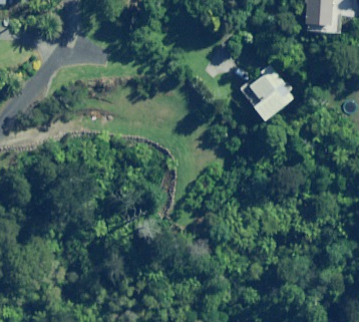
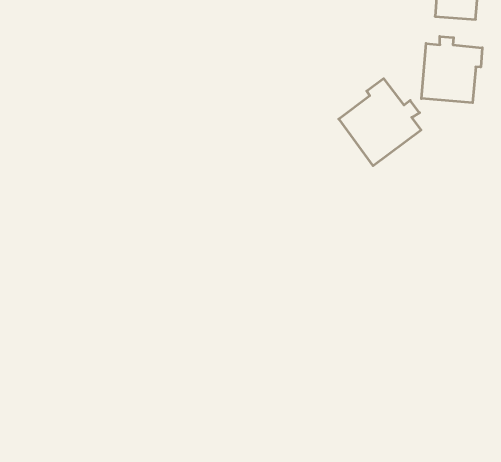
building: none -> [421,36,482,103]

